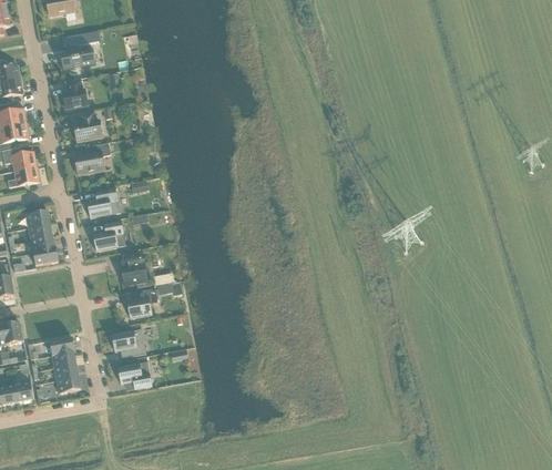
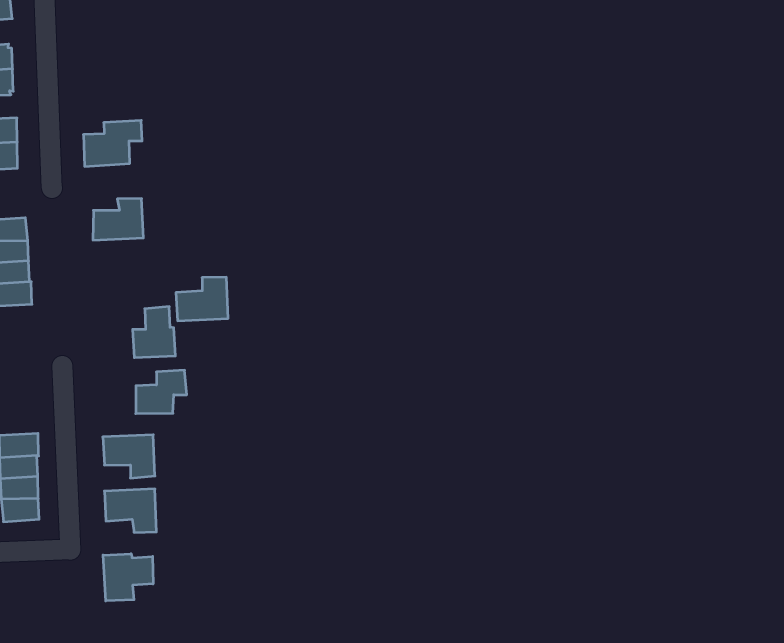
building: [61,79,85,108] -> none
building: [73,111,101,140] -> none
building: [91,219,124,249] -> [176,277,228,321]
building: none -> [103,554,153,601]

